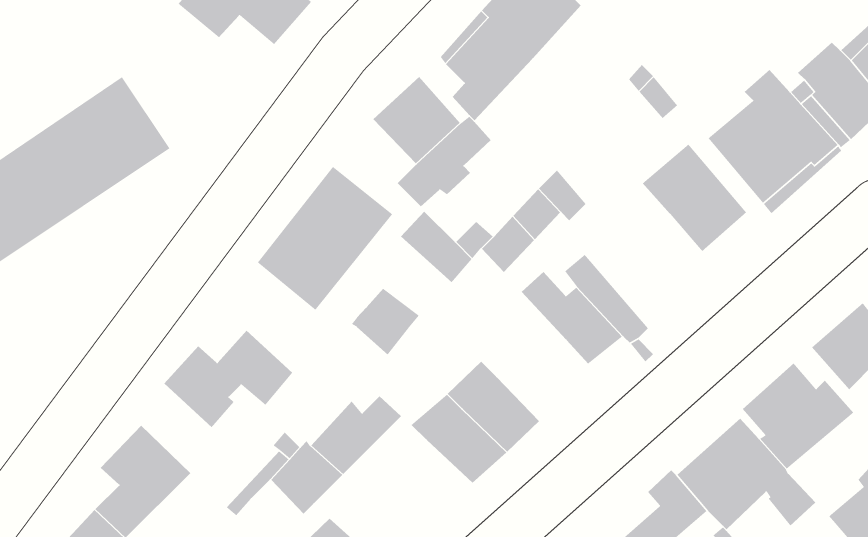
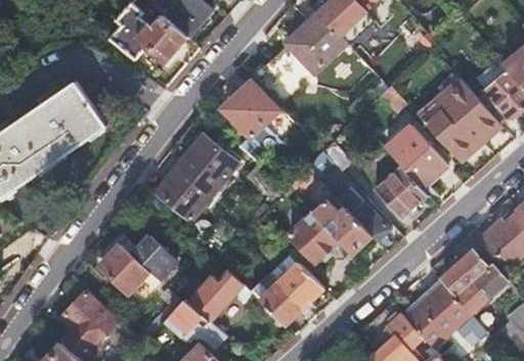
building: none -> [374,165,427,219]
building: [351,288,420,355] -> none
building: none -> [289,211,339,260]

